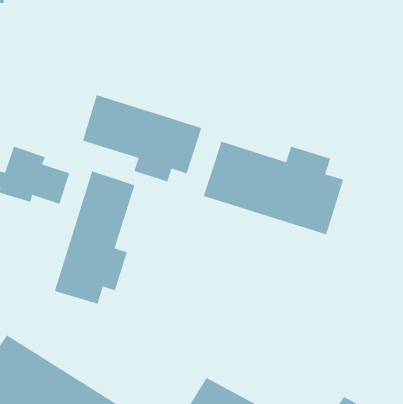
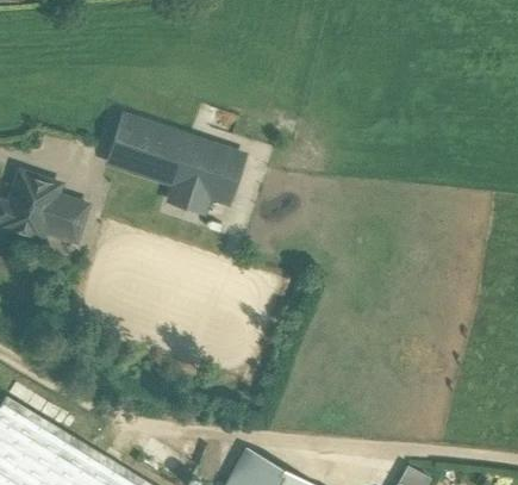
building: [203,141,344,235] -> none
building: [54,171,135,304] -> none

